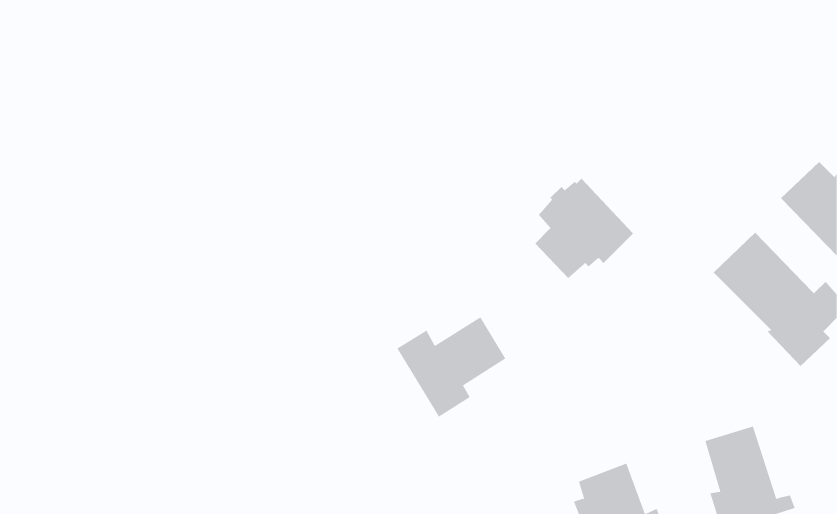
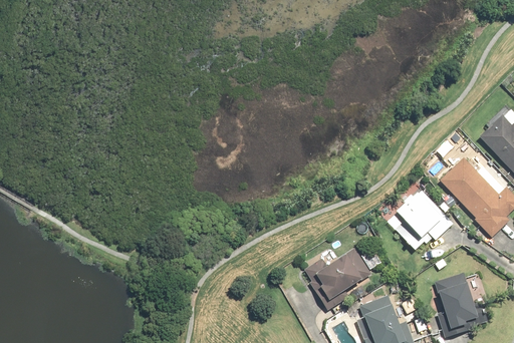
building: [534,178,634,279] -> [394,190,453,250]
building: [397,316,506,418] -> [304,249,369,309]

